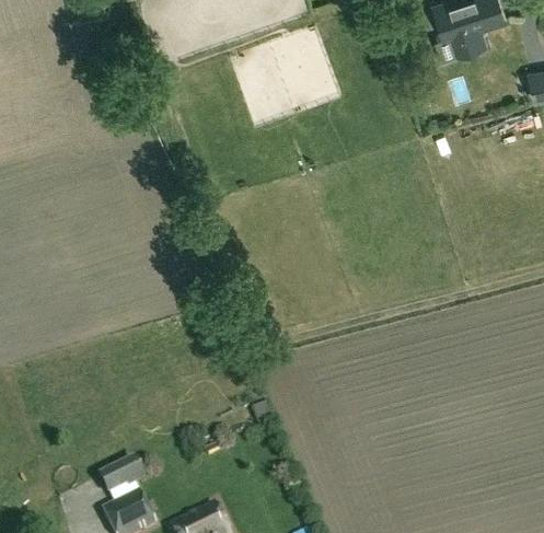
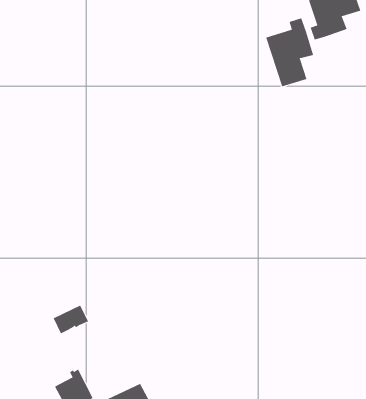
building: none -> [266,17,314,87]
building: [99,457,146,496] -> [53,305,89,334]

